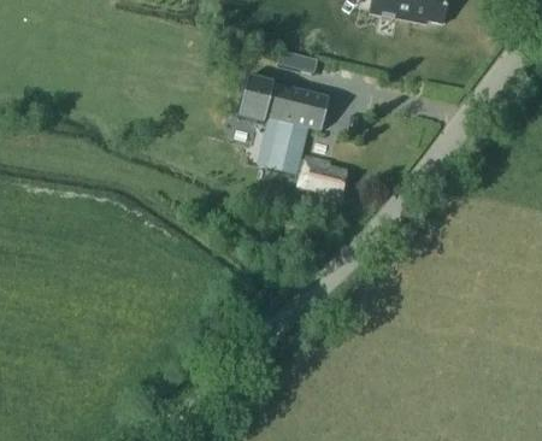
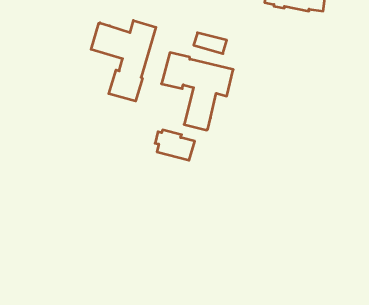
building: none -> [91,20,156,101]
building: [296,157,347,195] -> [155,130,195,160]

